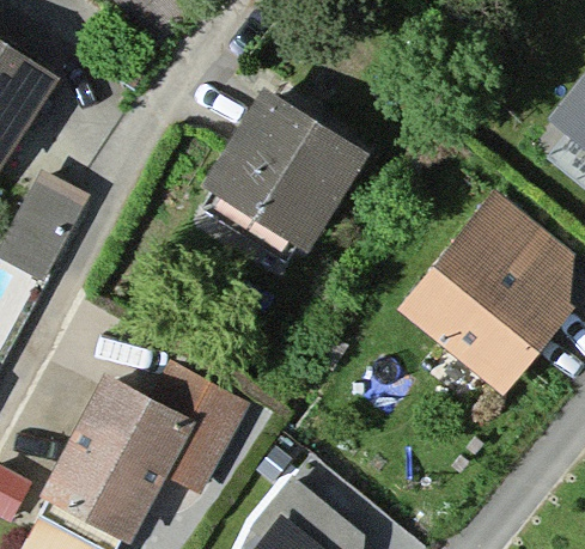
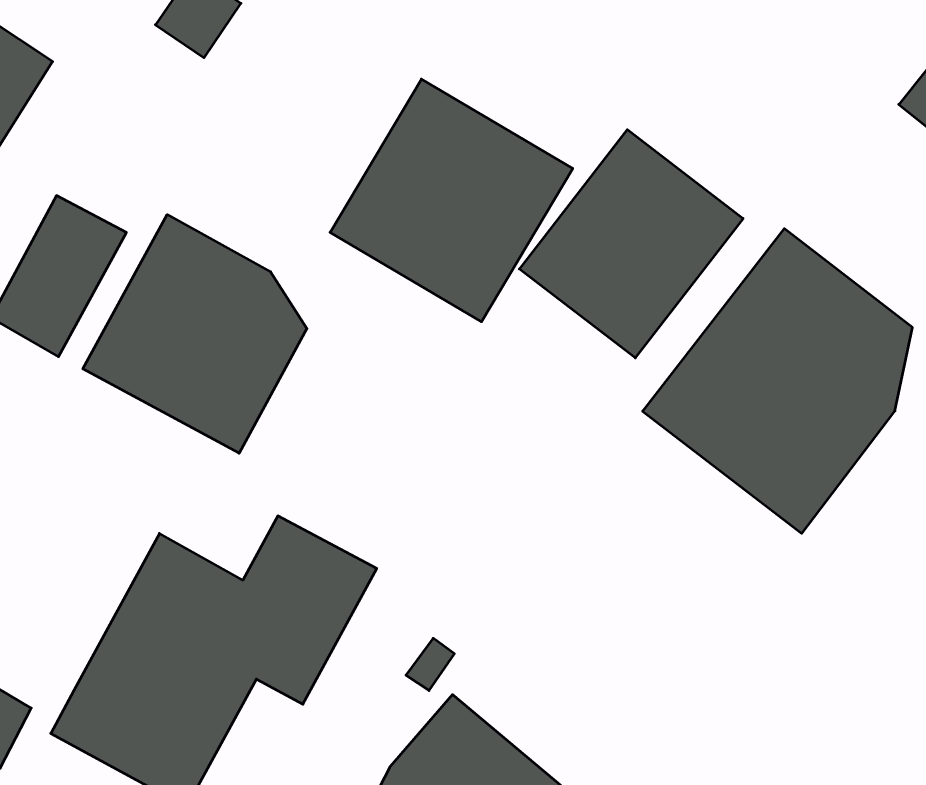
building: none -> [519,130,743,358]
building: none -> [83,215,307,453]

